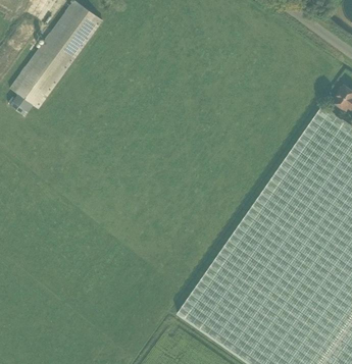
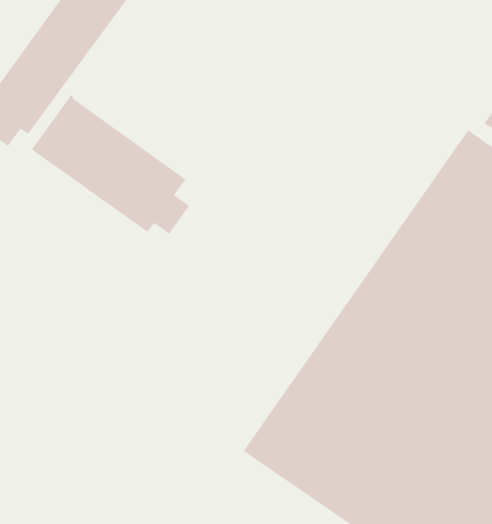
building: none -> [31,94,190,234]

